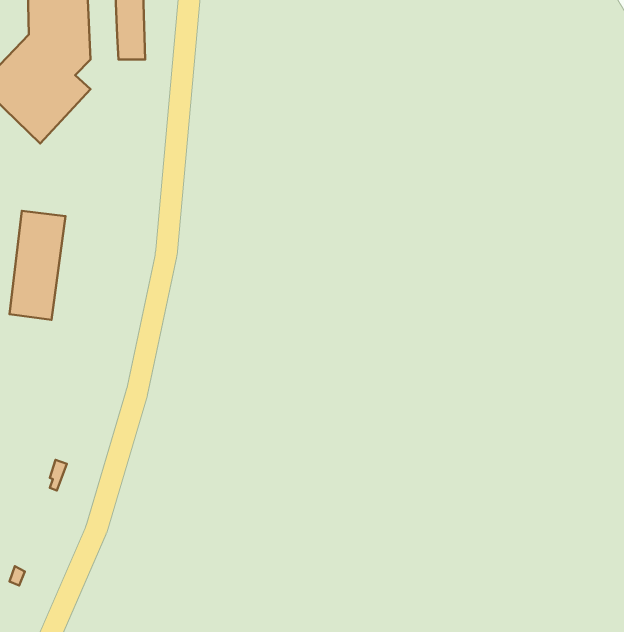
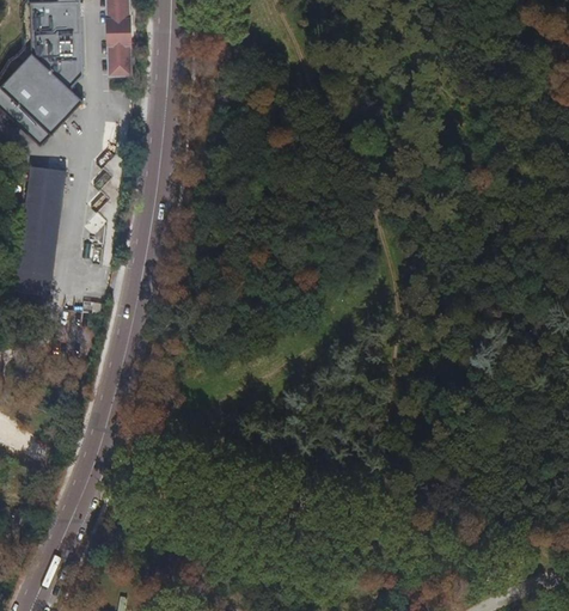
building: none -> [25,163,67,204]

